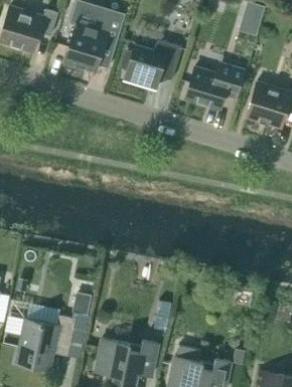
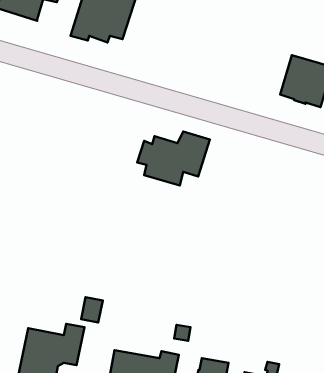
building: [118,40,181,87] -> [137,132,210,186]
building: [184,63,244,109] -> none

